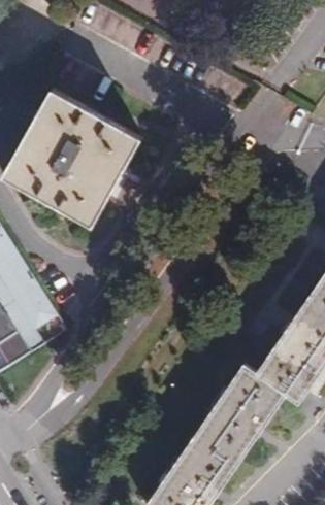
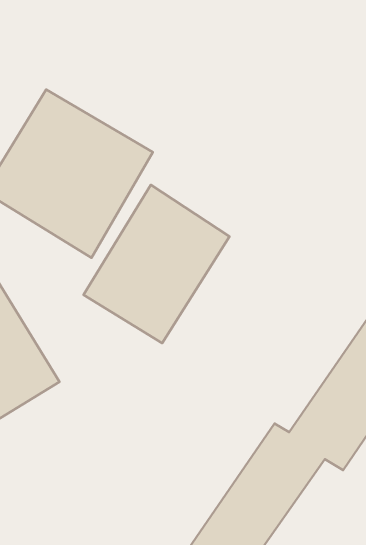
building: none -> [84,185,230,343]

